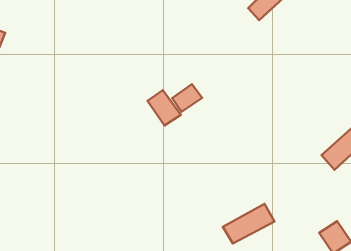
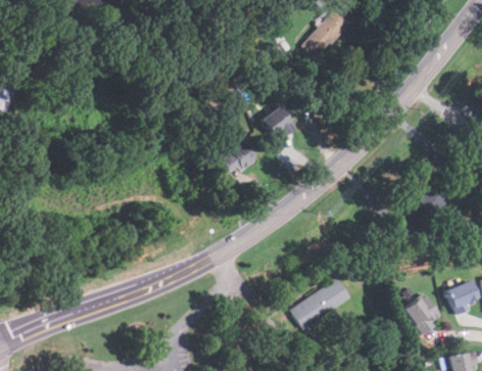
building: none -> [261,107,294,140]
building: [148,90,181,125] -> none

